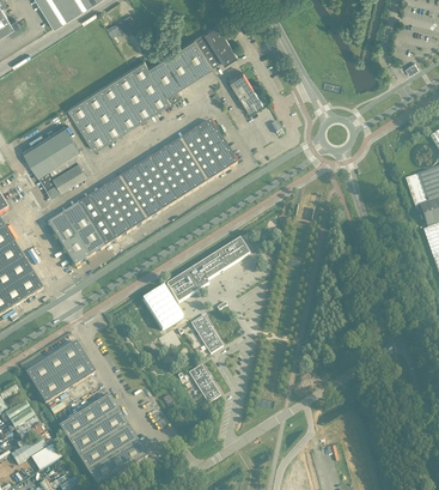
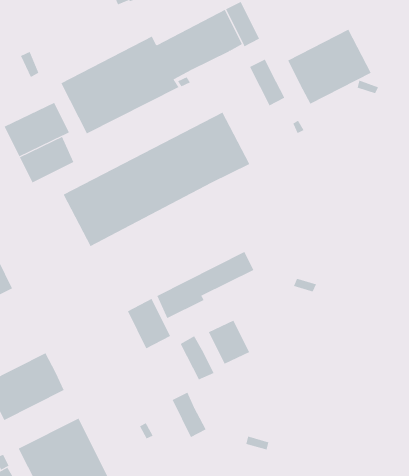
building: none -> [288,29,371,104]
building: [47,204,105,266] -> none
building: none -> [208,320,250,364]

